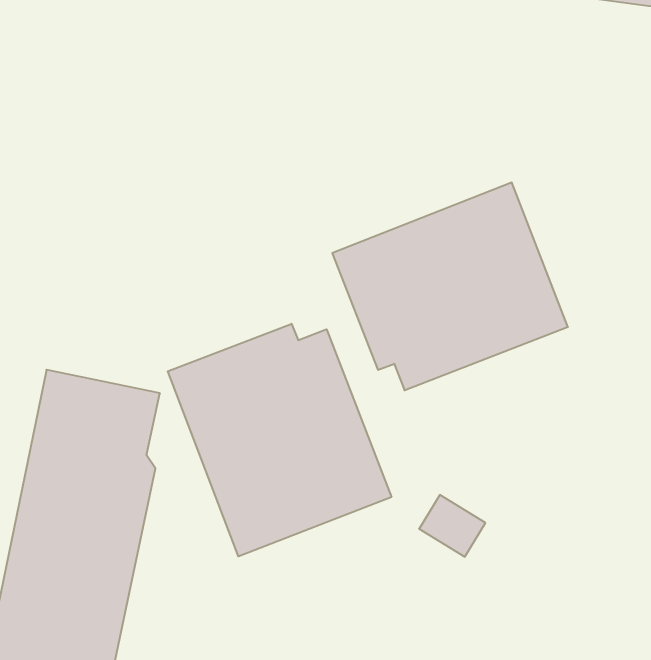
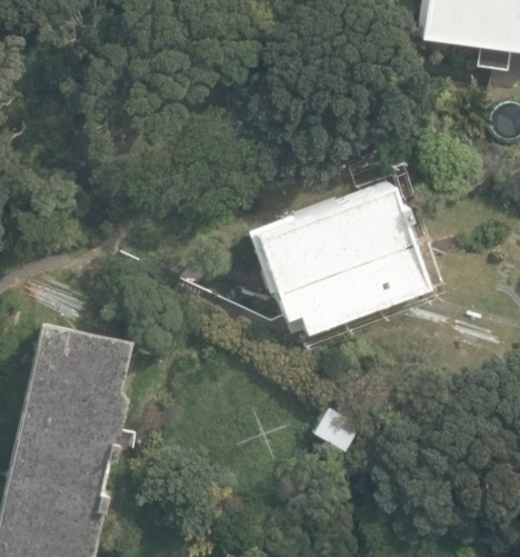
building: [168,324,391,556] -> none

